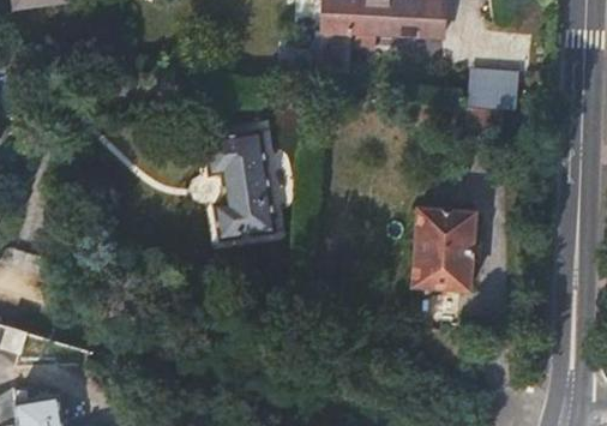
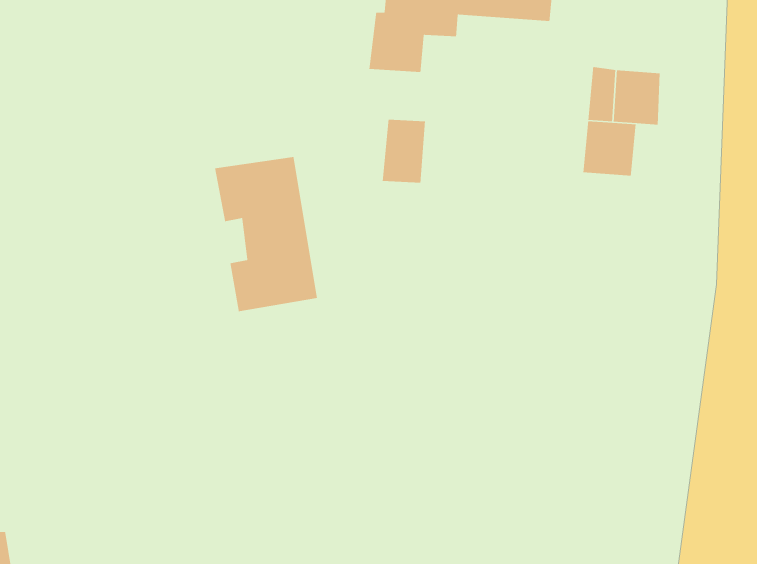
building: none -> [382,119,426,184]
building: [414,208,476,292] -> none

